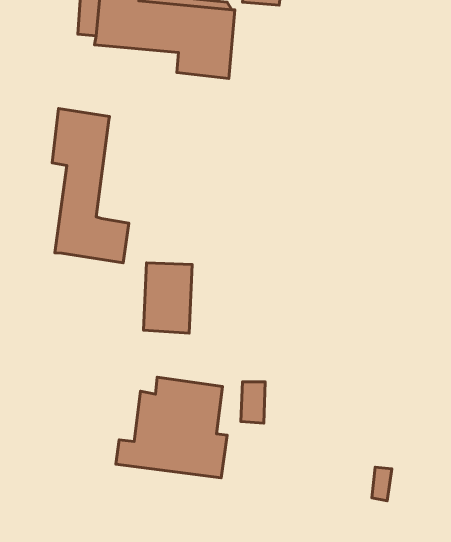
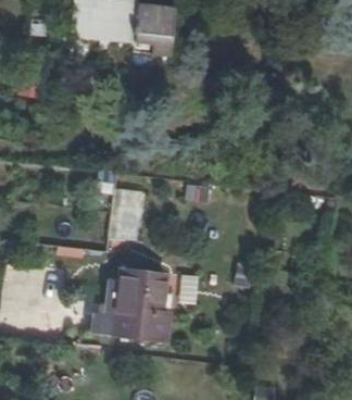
building: [52,109,129,263] -> none

